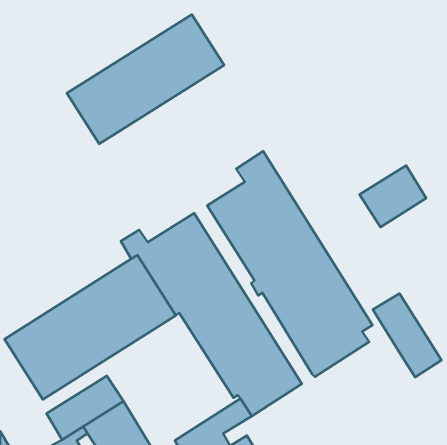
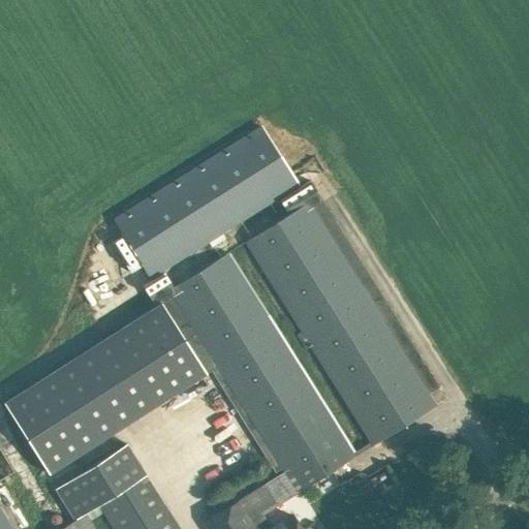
building: [67,14,224,144] -> [114,126,300,279]
building: [359,165,426,227] -> none
building: [373,294,441,377] -> none

